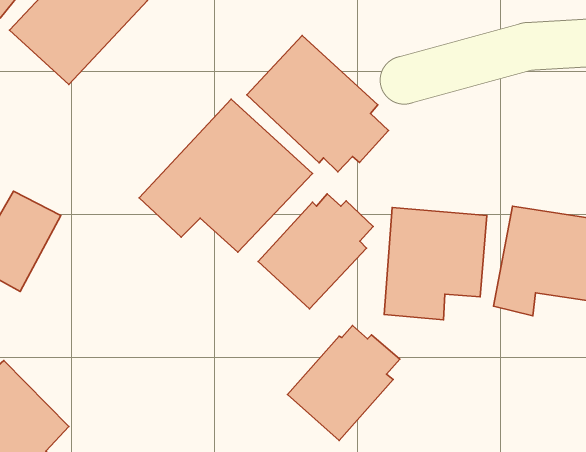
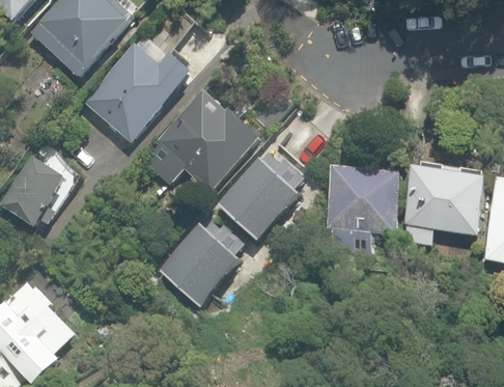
building: [247,35,389,172] -> none
building: none -> [65,36,196,146]
building: [288,325,400,440] -> [161,218,247,306]

